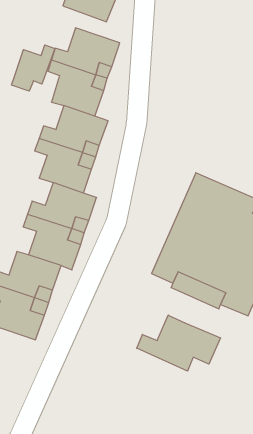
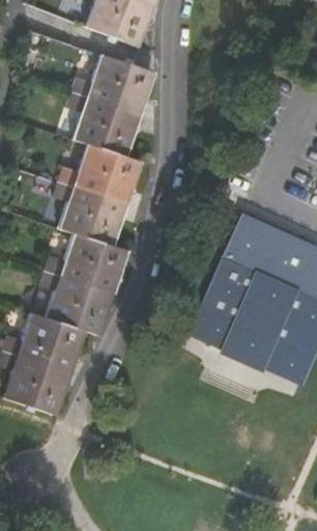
building: [11,45,55,91] -> none
building: [137,315,221,371] -> none

